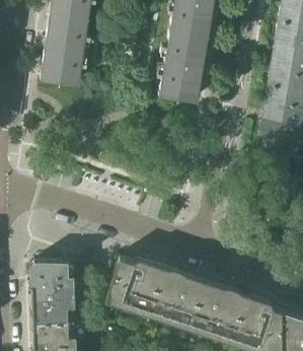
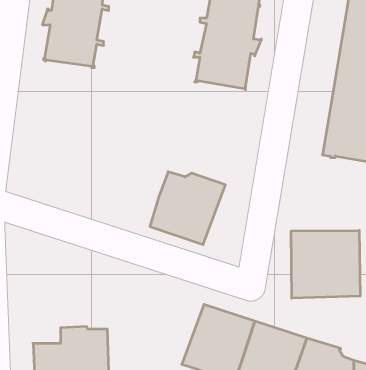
building: none -> [291,230,360,298]
building: [105,257,164,313] -> [150,172,225,245]
building: [30,260,89,297] -> none

